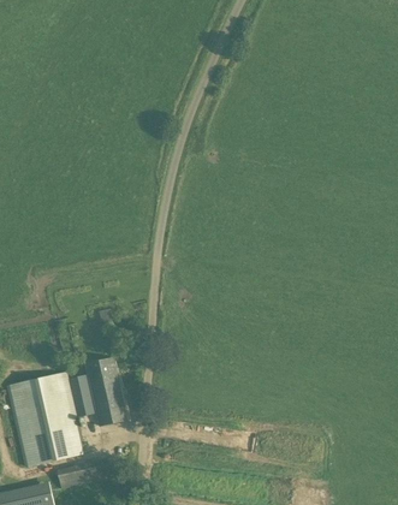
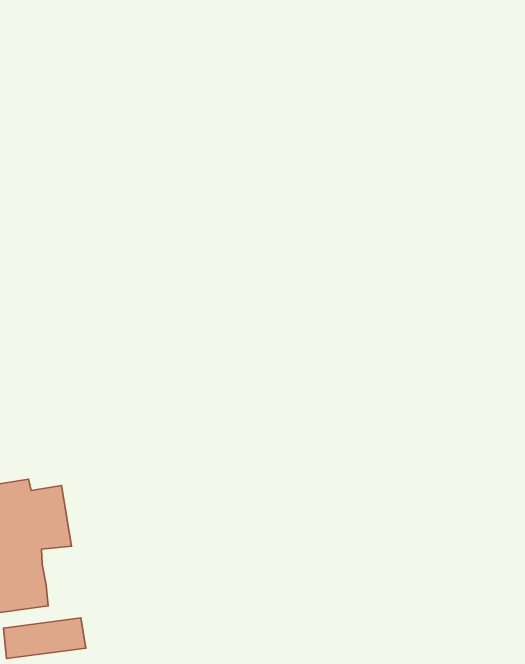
building: [84,357,127,426] -> none

